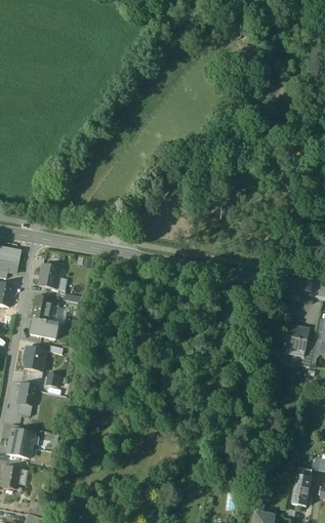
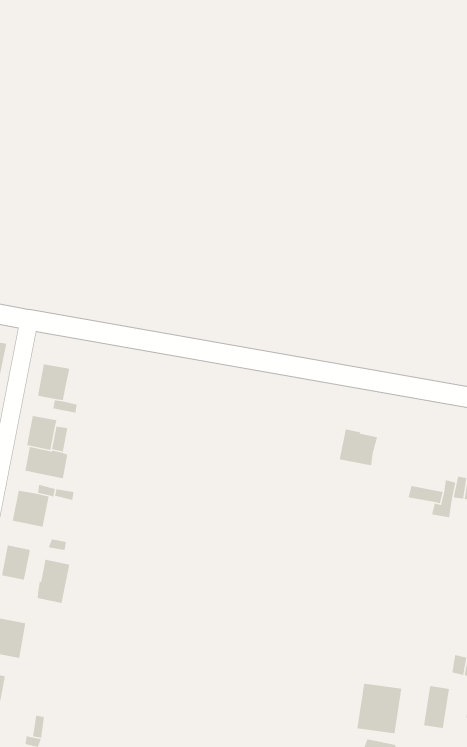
building: [285,323,311,348] -> [339,429,378,466]
building: none -> [37,559,70,604]
building: none -> [357,683,402,734]

